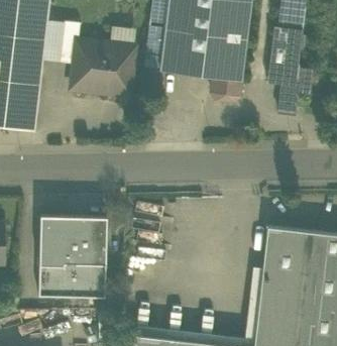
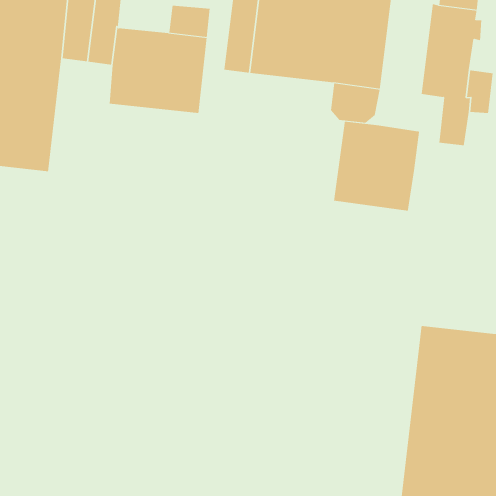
building: none -> [333,121,420,211]
building: [38,215,107,298] -> none

